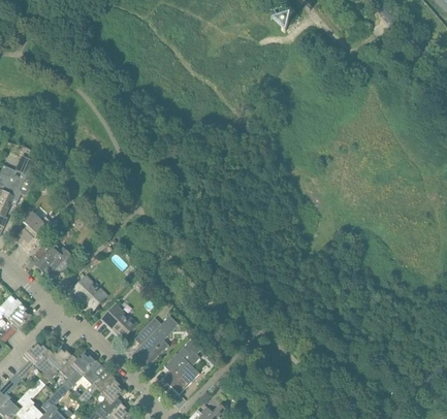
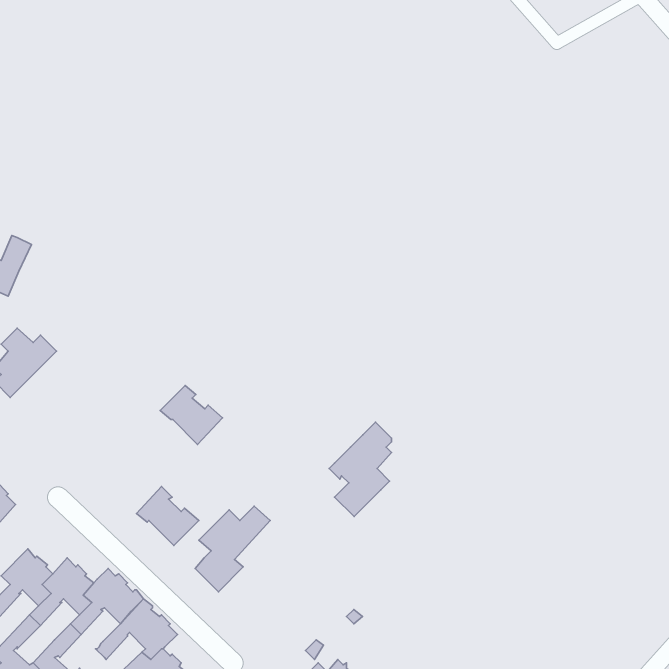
building: [33,236,72,279] -> none
building: [70,277,106,311] -> [160,386,223,444]
building: [163,340,199,394] -> [329,422,391,517]

